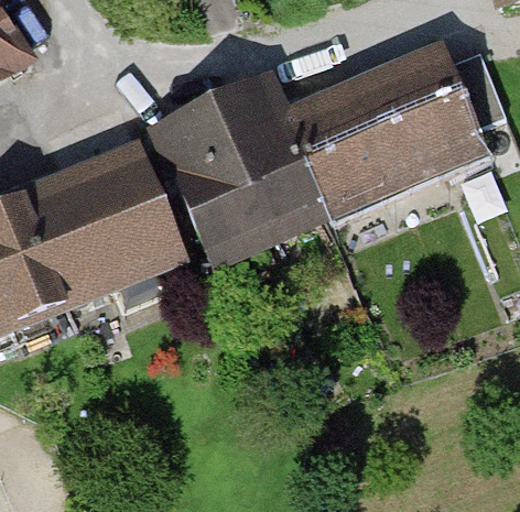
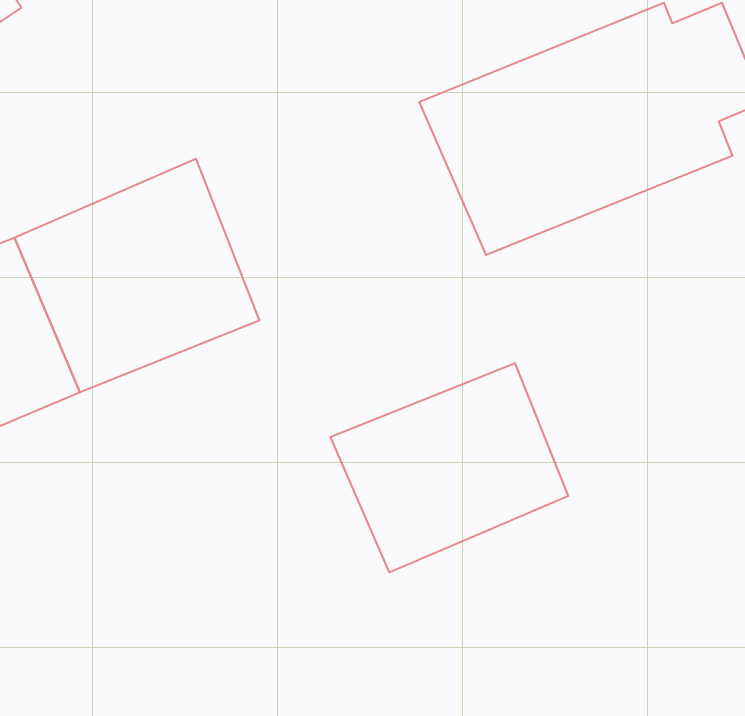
building: [160,84,328,261] -> none
building: none -> [331,363,568,572]

